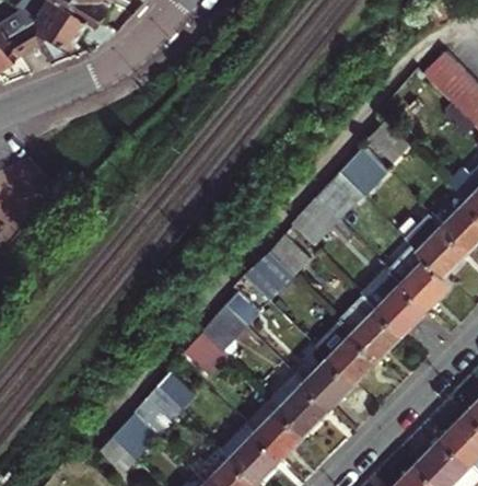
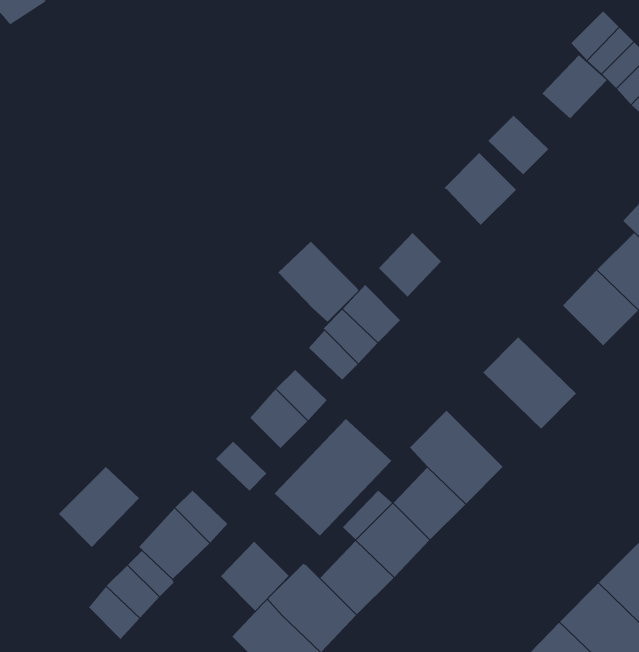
building: none -> [542,54,608,119]
building: [316,172,363,220] -> none
building: none -> [278,241,359,322]
building: [389,244,454,309] -> none
building: [341,294,405,358] -> none
building: none -> [274,418,392,536]
building: none -> [58,466,140,548]
building: none -> [220,541,289,612]

